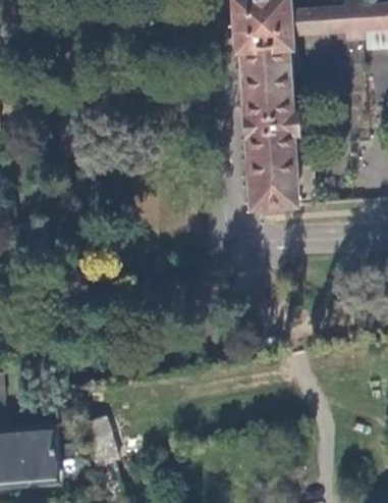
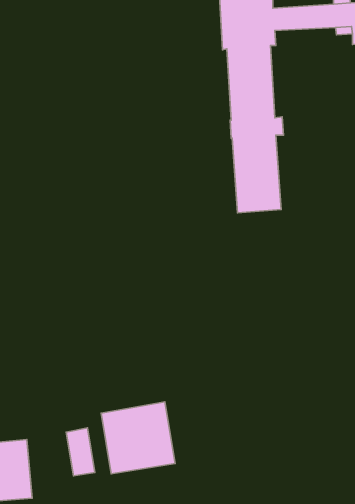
building: none -> [101,402,175,474]

